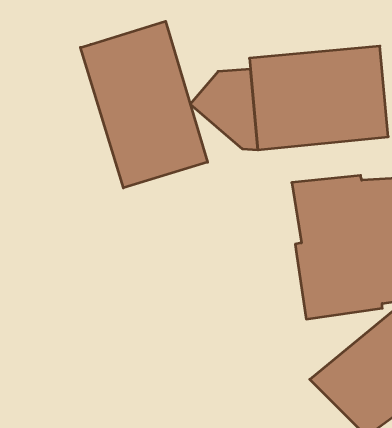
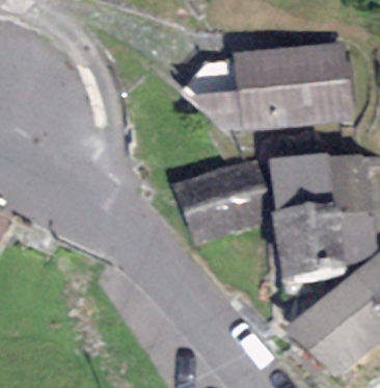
building: [80,21,208,188] -> none
building: none -> [172,159,276,244]

